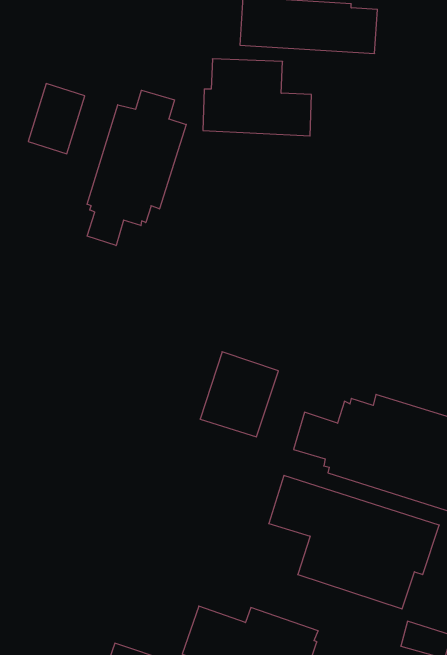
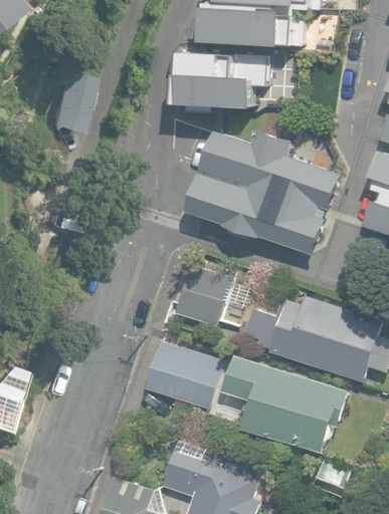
building: [87,90,186,246] -> none
building: none -> [189,130,343,255]
building: none -> [144,342,224,411]

